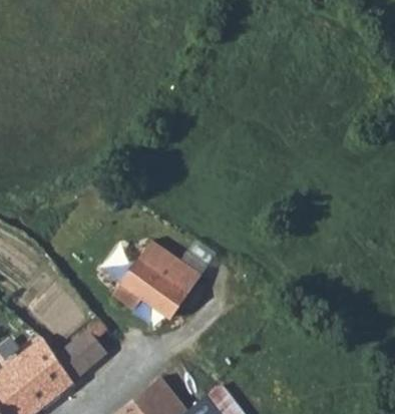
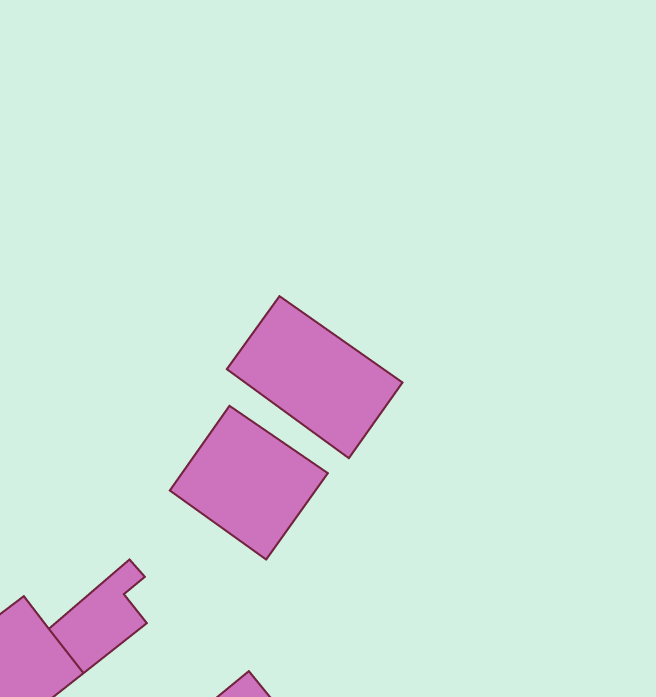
building: none -> [227,296,402,458]

